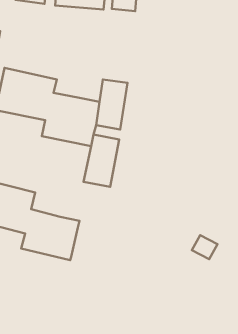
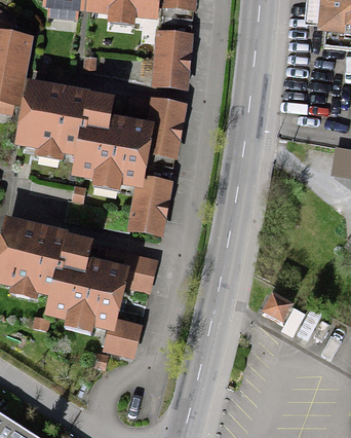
building: none -> [155,21,191,84]
building: none -> [121,254,155,289]
building: none -> [106,319,141,355]

